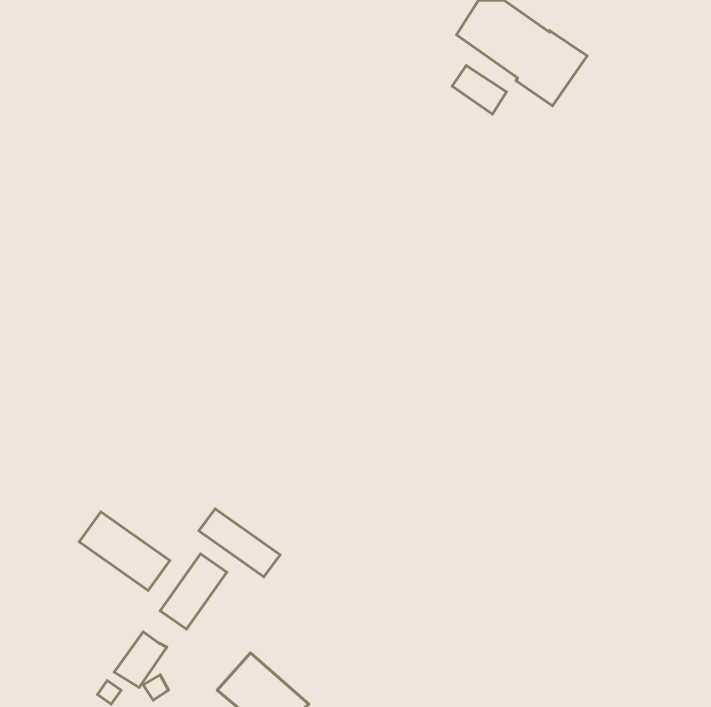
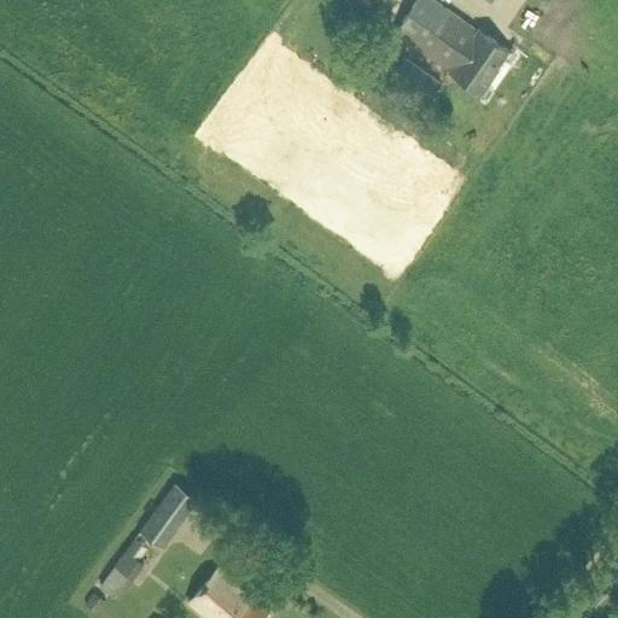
building: [199,509,280,577] -> none
building: [79,512,170,591] -> none

